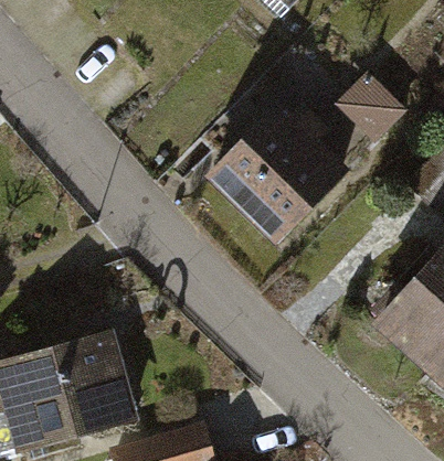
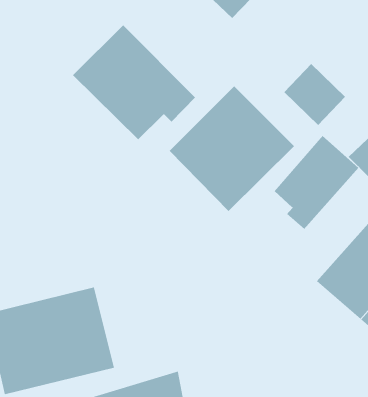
building: none -> [72,25,196,140]
building: none -> [274,135,359,230]

